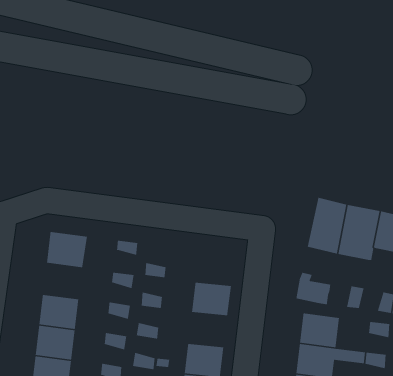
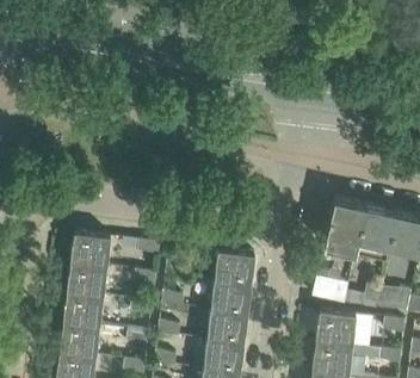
building: none -> [215,249,254,283]
building: none -> [67,261,106,296]
building: none -> [208,309,247,342]

